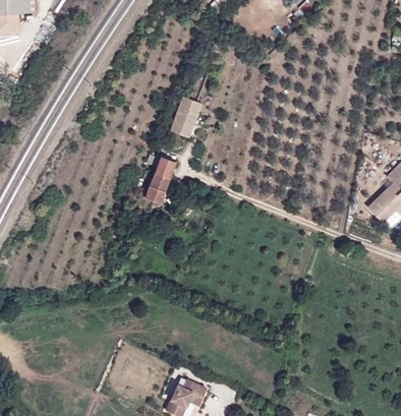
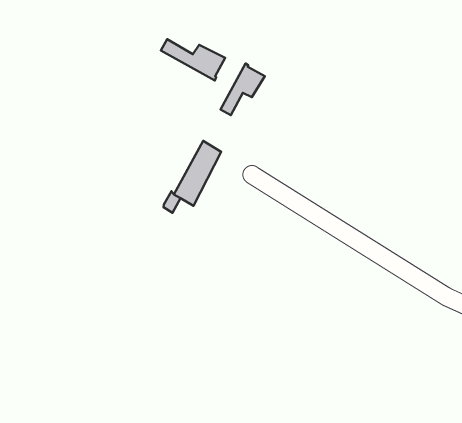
building: none -> [161,39,225,80]

